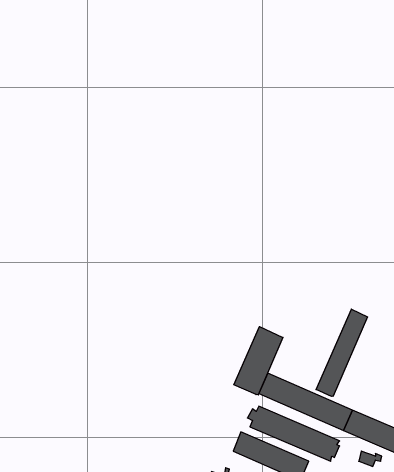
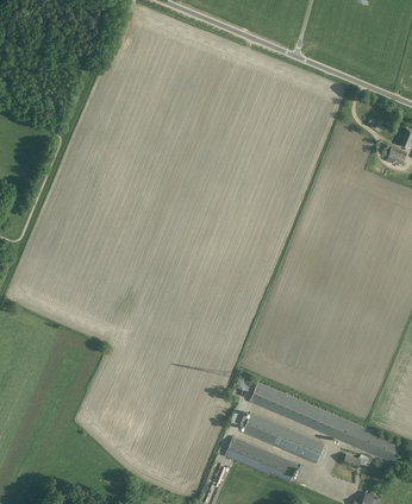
building: [316,309,367,396] -> none
building: [234,327,283,395] -> none

